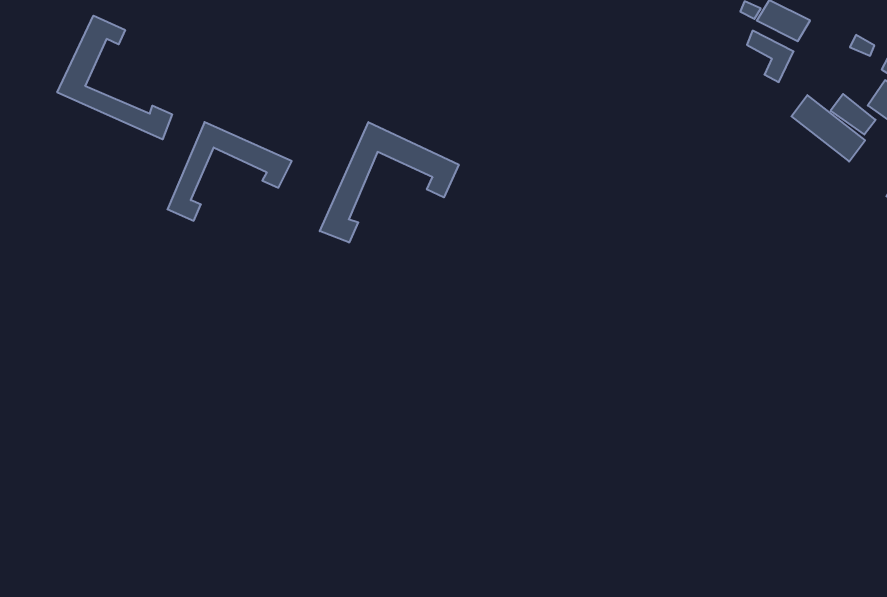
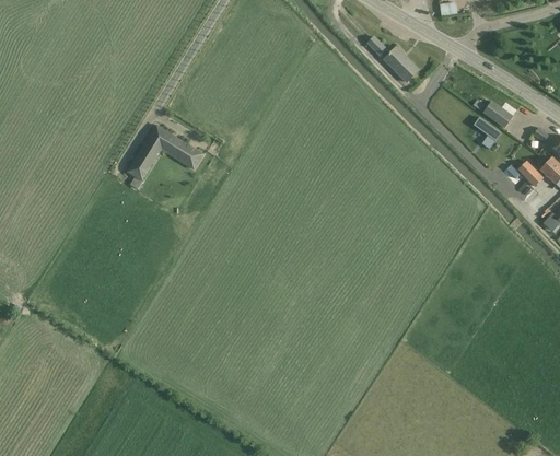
building: [57,16,172,139] -> none
building: [320,122,459,243] -> none

